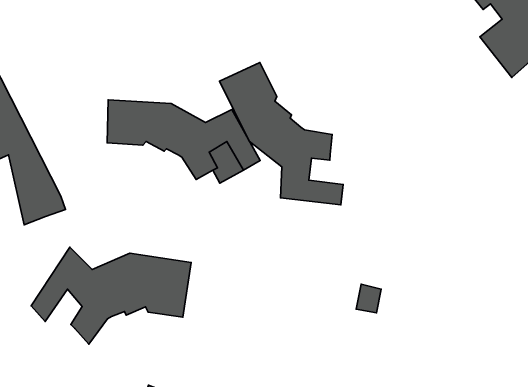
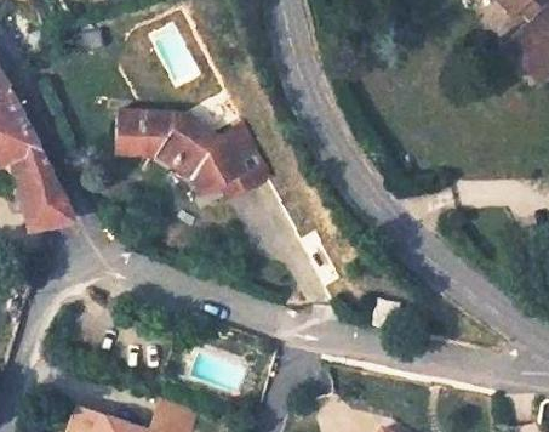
building: [219,63,343,205] -> none
building: [31,247,191,344] -> none

